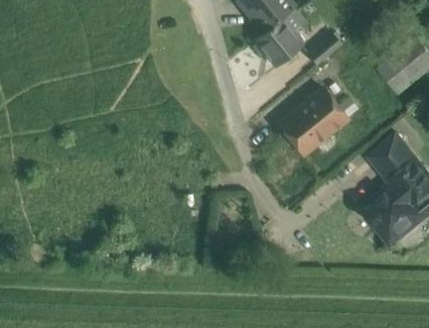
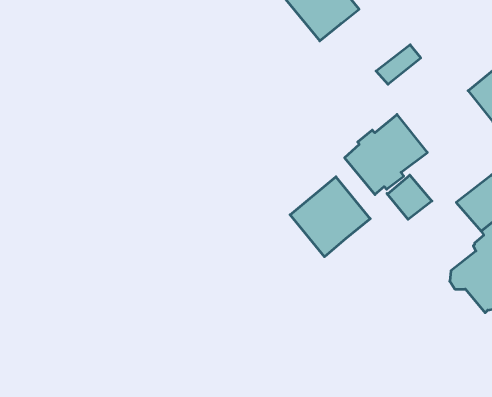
building: [255,19,302,67] -> none
building: none -> [387,175,432,219]
building: none -> [290,177,370,257]

